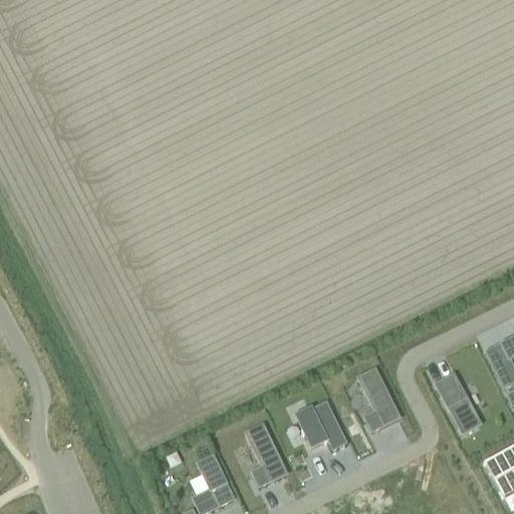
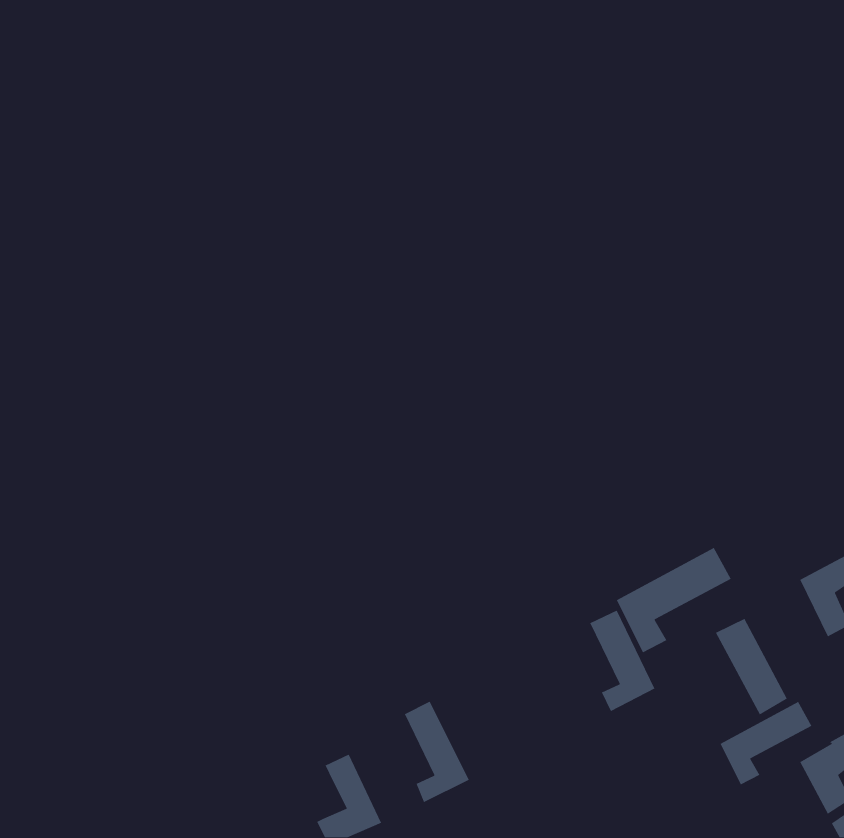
building: none -> [616,547,732,653]
building: [295,401,347,451] -> none
building: none -> [720,701,812,786]

